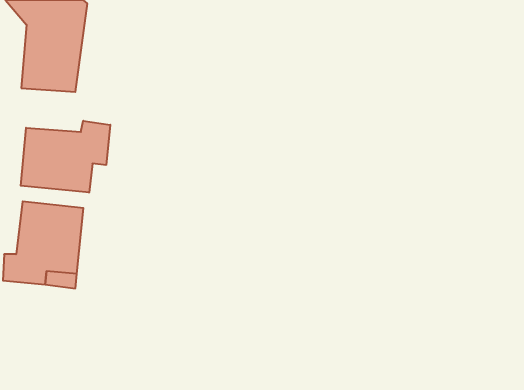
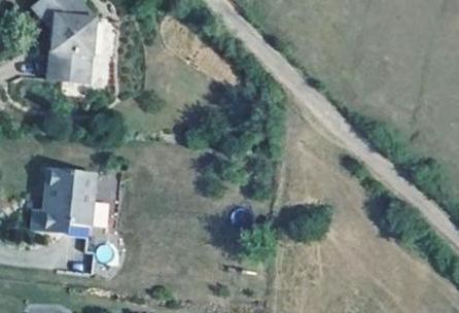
building: [21,121,110,193] -> none

